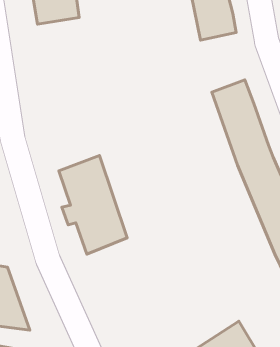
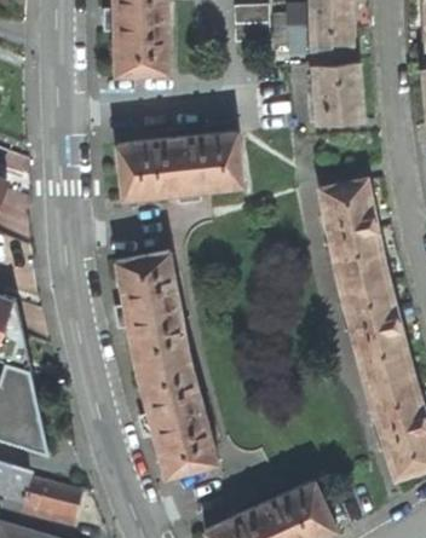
building: none -> [115,127,242,198]
building: none -> [136,355,218,476]

